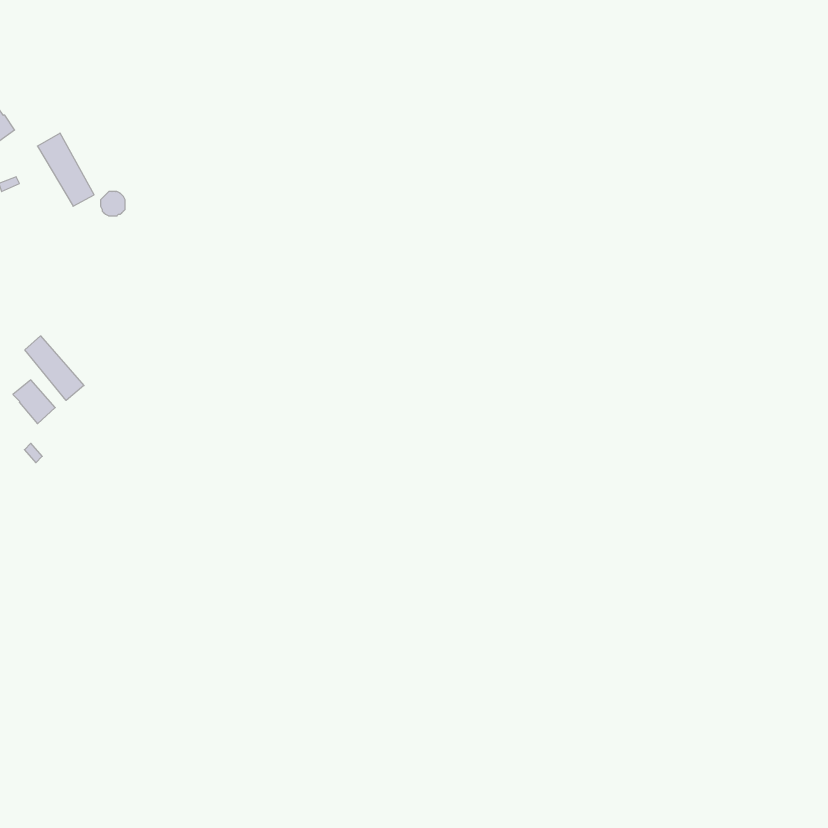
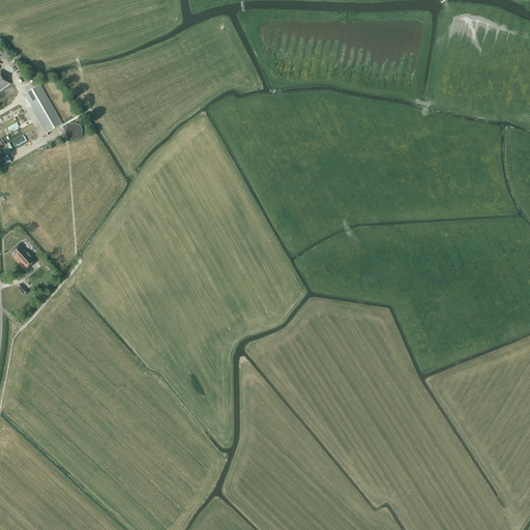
building: [25,336,84,400] -> none

